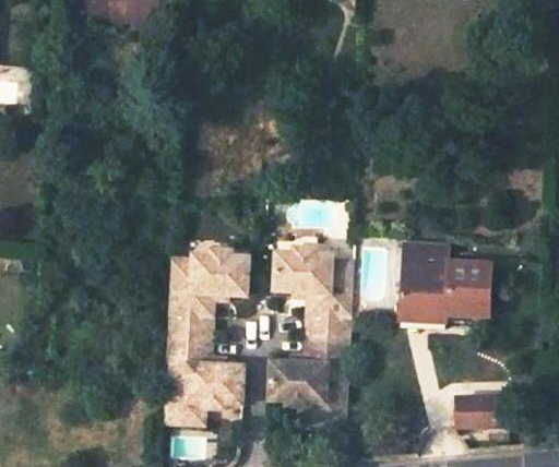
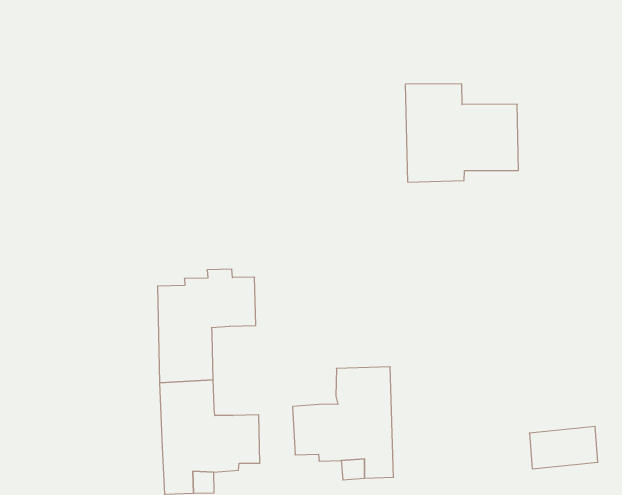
building: [400,240,491,320] -> [405,84,518,182]
building: [273,244,353,337] -> none

